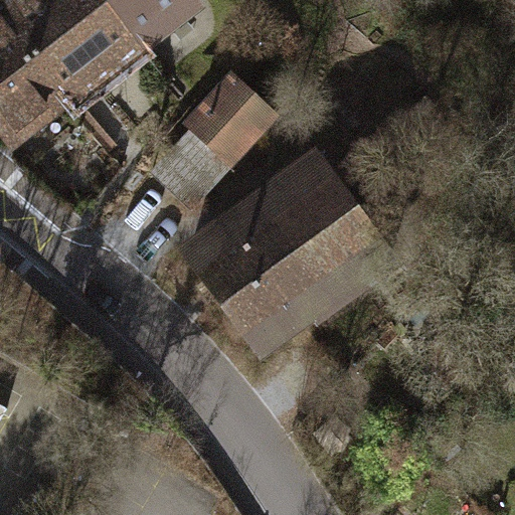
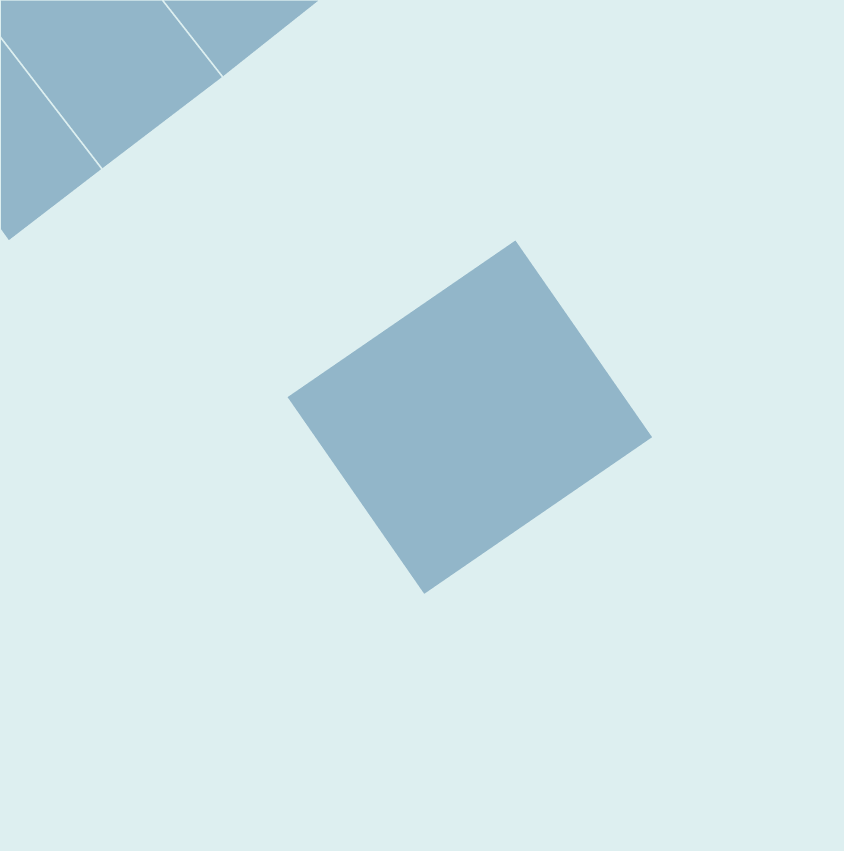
building: [160,66,284,208] -> none

